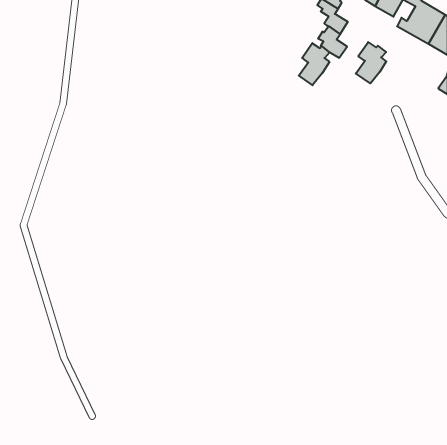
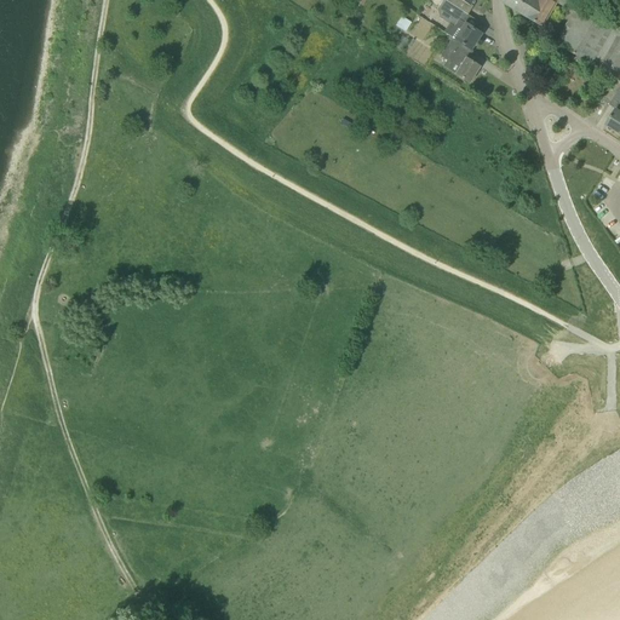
building: [356,42,386,83] -> none
building: [299,43,330,85] -> none

